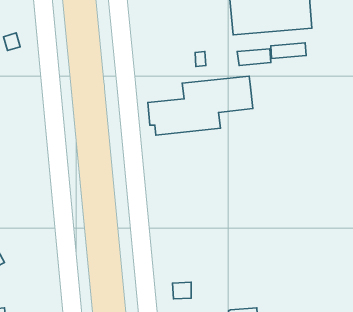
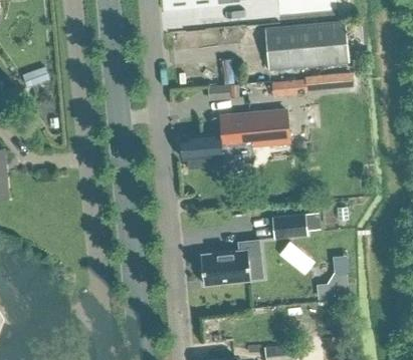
building: none -> [272,214,308,240]
building: none -> [201,241,261,286]
building: none -> [318,274,350,300]

